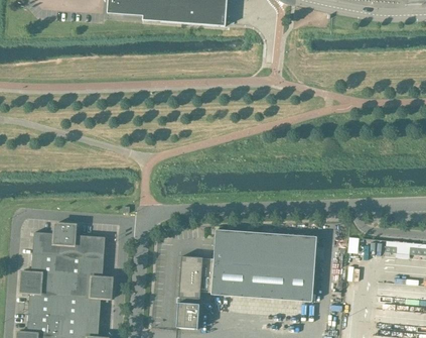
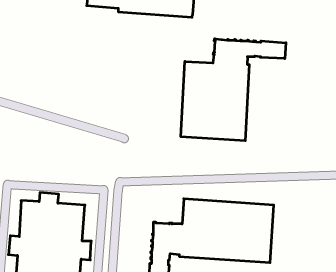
building: none -> [181,39,286,141]

